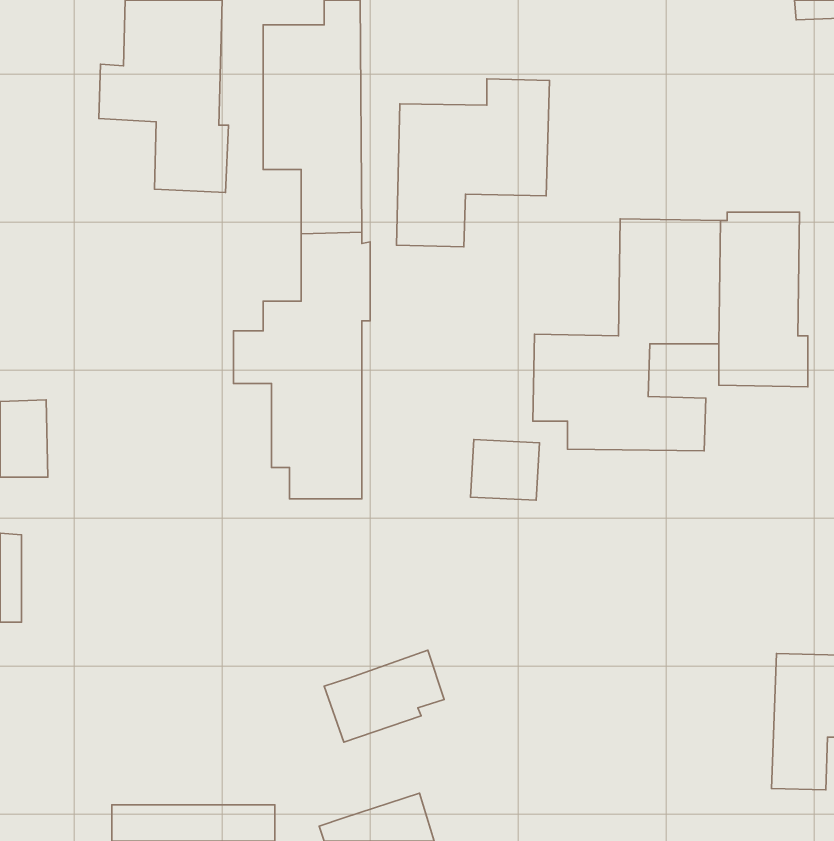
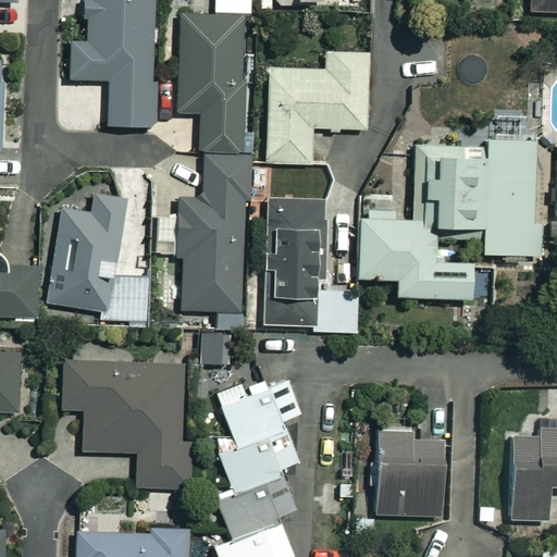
building: none -> [49,196,151,322]
building: none -> [265,200,323,326]
building: none -> [63,362,185,487]
building: none -> [216,377,302,448]
building: none -> [382,435,447,520]
building: none -> [216,473,295,541]

